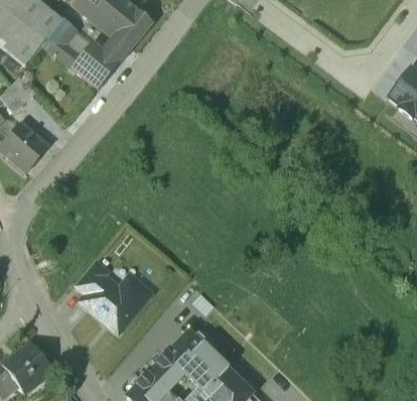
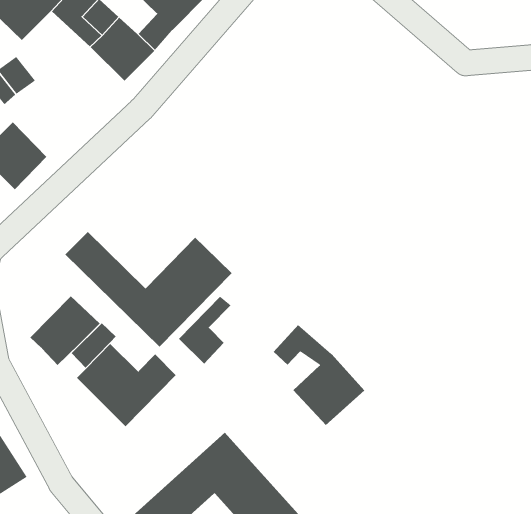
building: none -> [65,231,232,348]
building: none -> [178,296,231,365]
building: none -> [29,295,100,366]
building: none -> [273,324,365,426]

